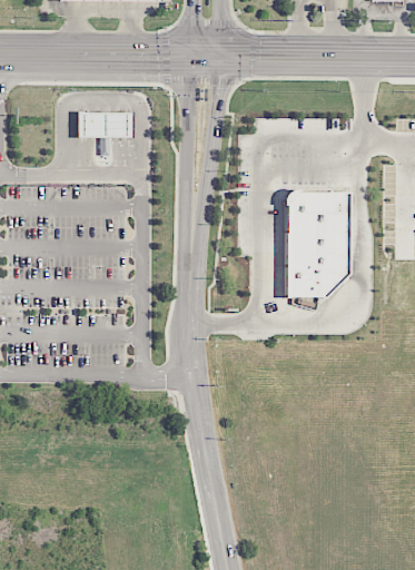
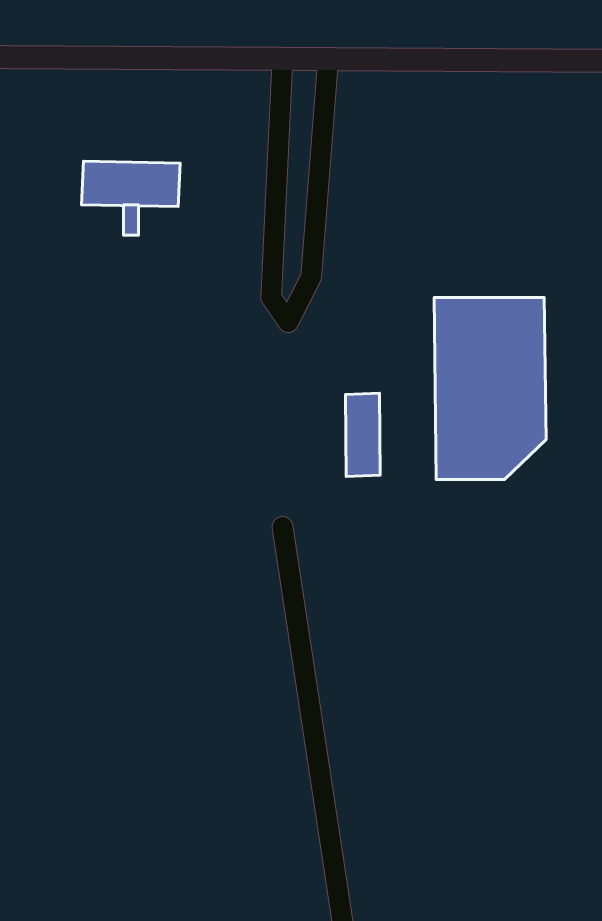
building: none -> [345,393,380,476]

